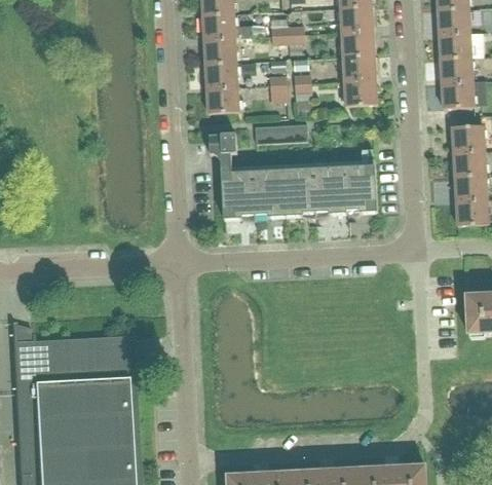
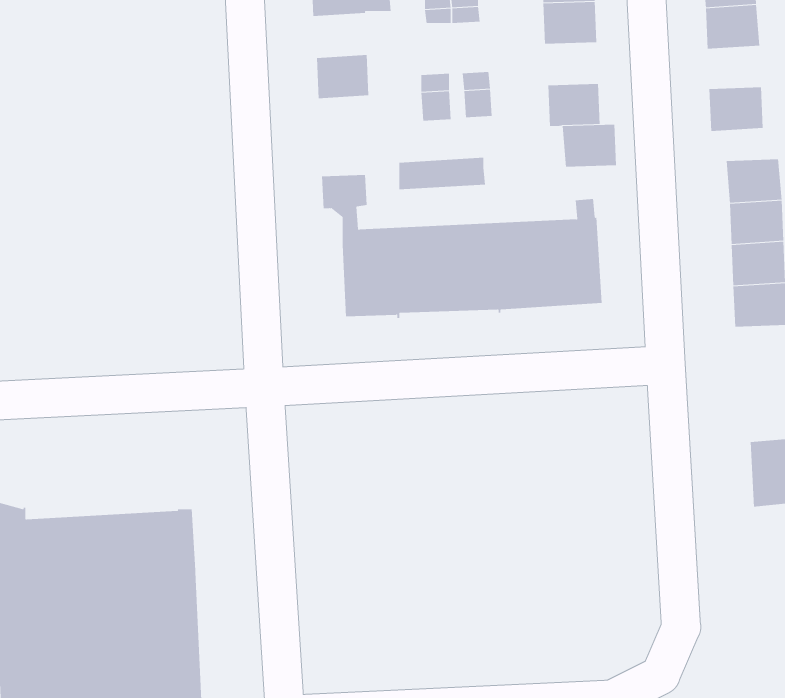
building: [203,38,236,65] -> none
building: [342,55,375,81] -> [562,124,617,167]
building: [440,58,472,83] -> none
building: [206,87,239,114] -> none

